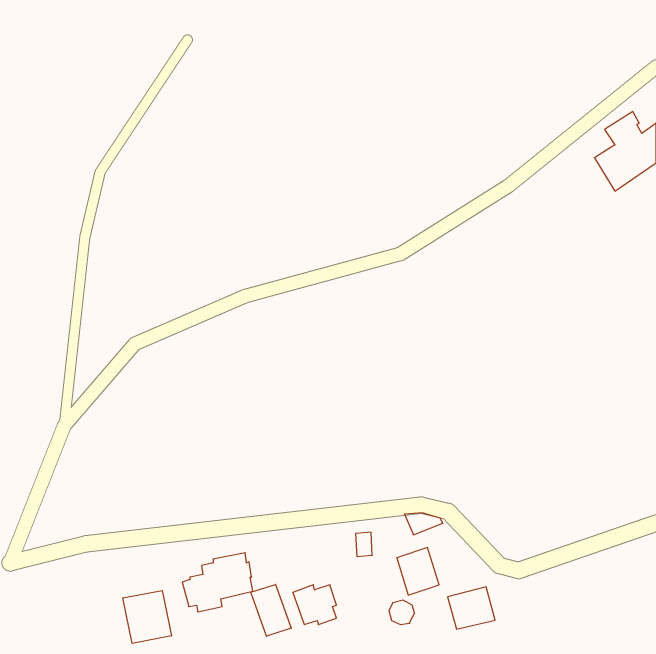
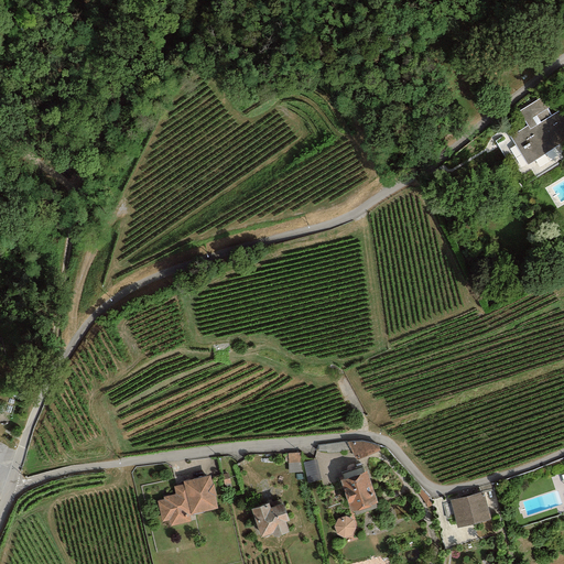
building: [251,584,291,636] -> none
building: [448,587,495,629] -> [449,490,490,527]
building: [123,591,172,643] -> none

